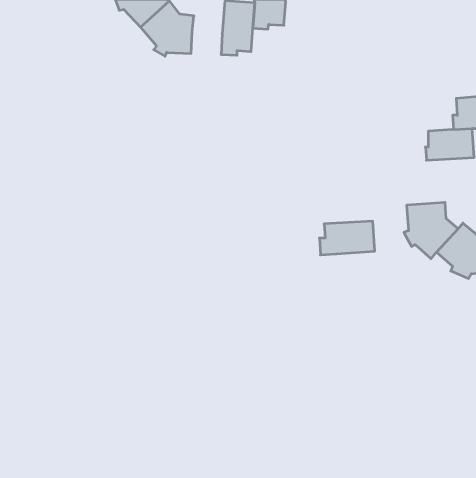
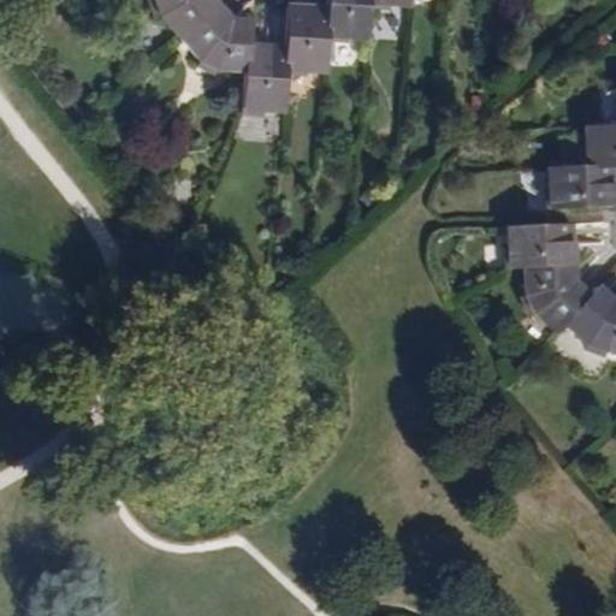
building: none -> [245,41,289,111]
building: [319,221,375,255] -> [504,221,575,265]

